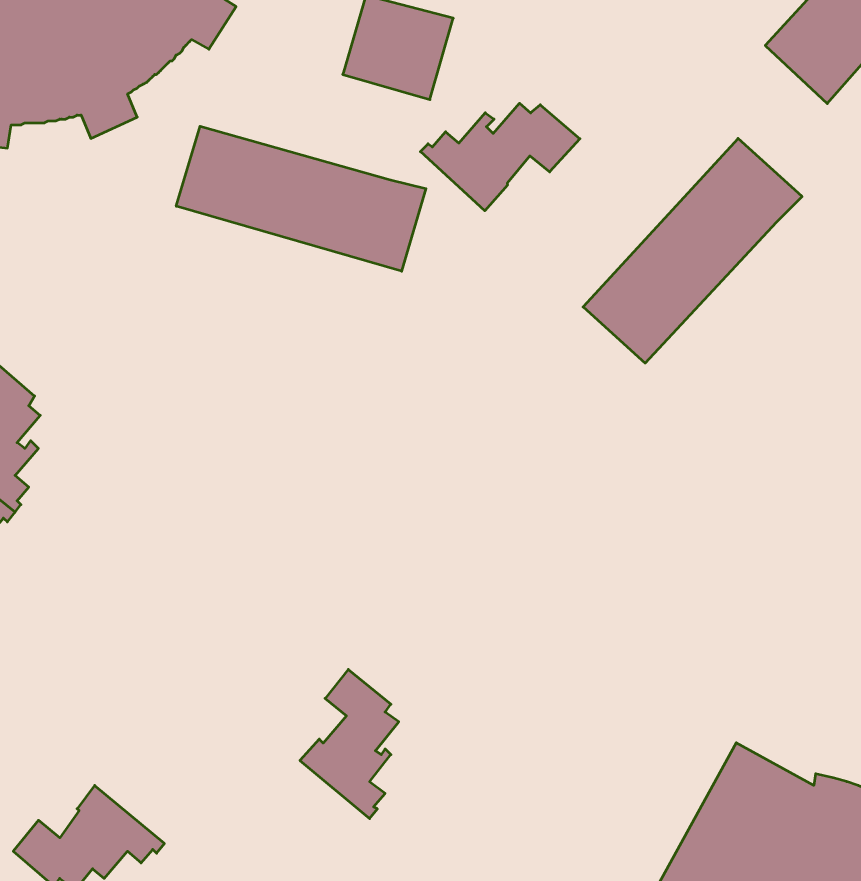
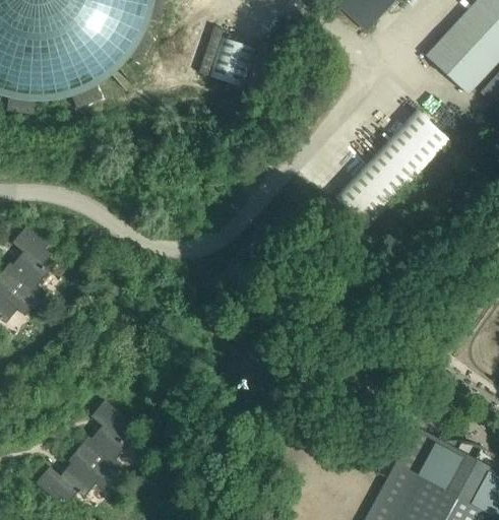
building: [420,103,580,211] -> none
building: [176,126,426,271] -> none
building: [300,669,399,819] -> [78,400,130,478]

